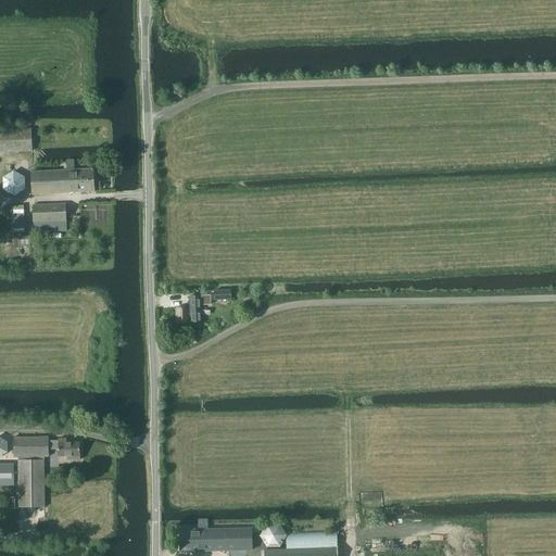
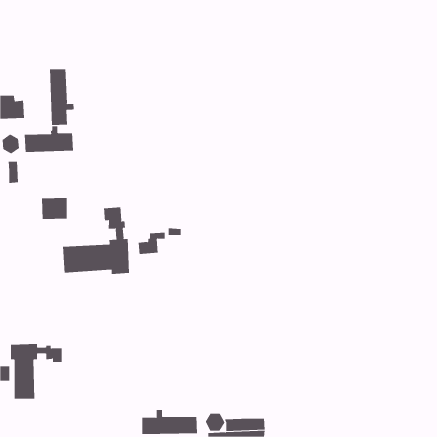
building: none -> [49,69,74,126]
building: [31,203,65,231] -> [41,197,68,220]
building: none -> [62,207,130,275]

